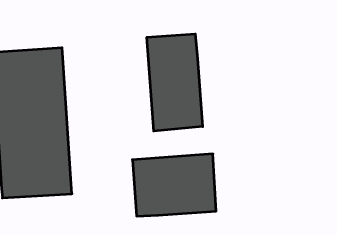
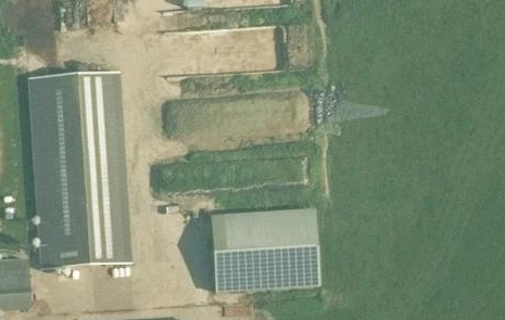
building: [147,34,203,131] -> none

